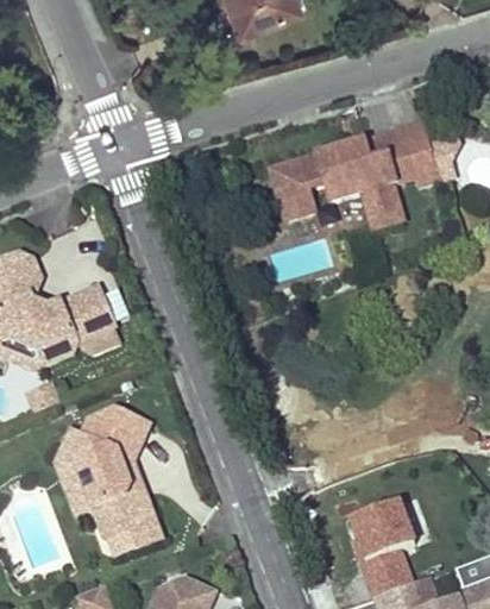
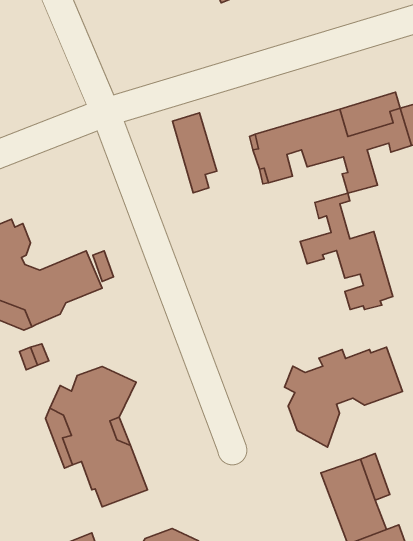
building: none -> [172,113,217,193]
building: none -> [300,193,393,310]
building: none -> [285,347,402,447]

